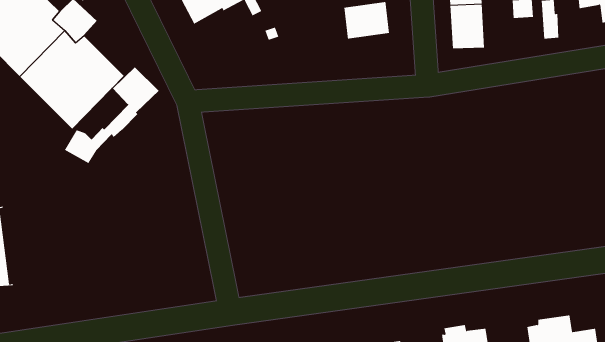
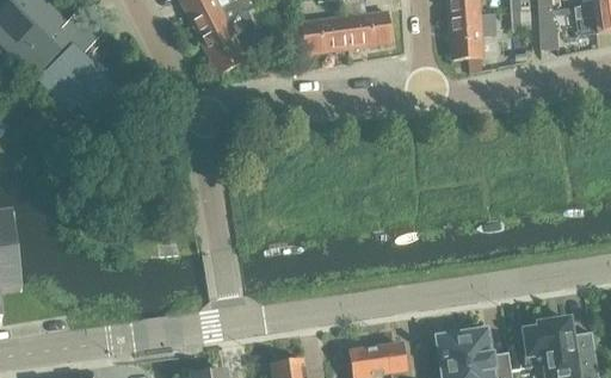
building: none -> [302,17,348,54]
building: none -> [198,18,246,72]
building: [64,67,159,164] -> none

